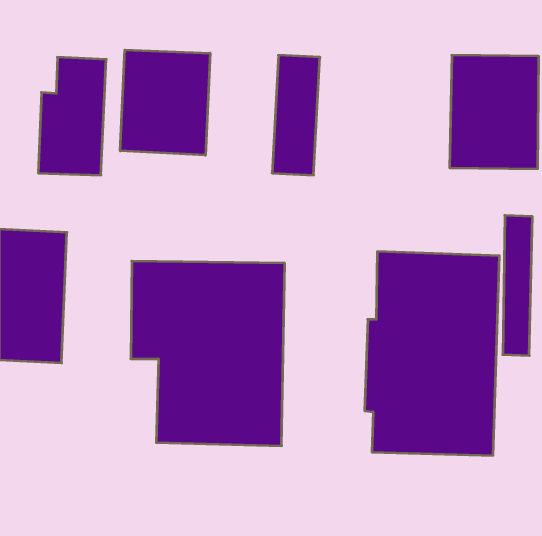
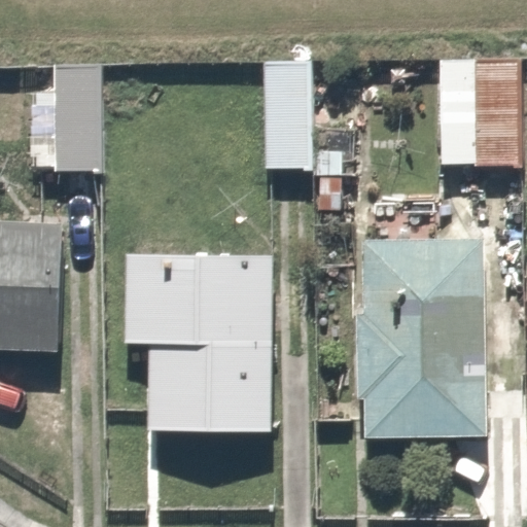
building: [120,50,210,155] -> none

